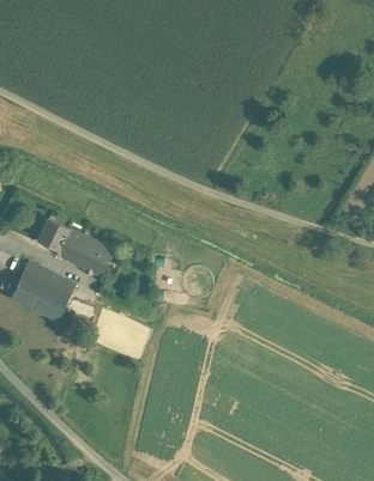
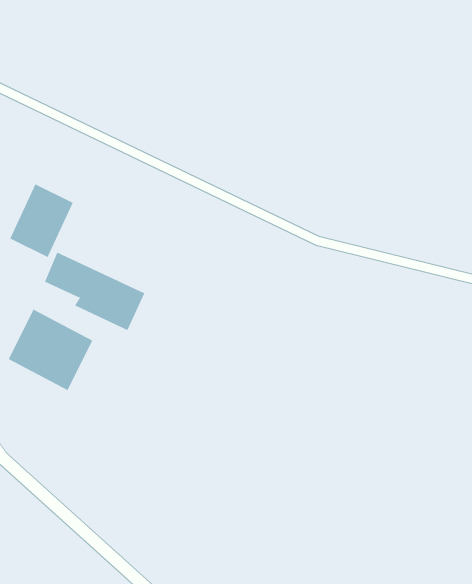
building: none -> [9,183,74,258]

